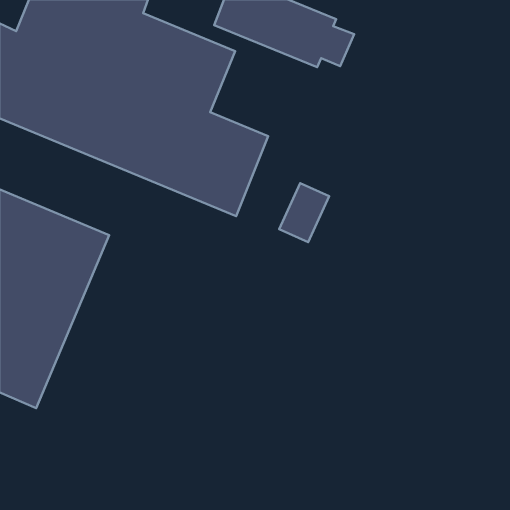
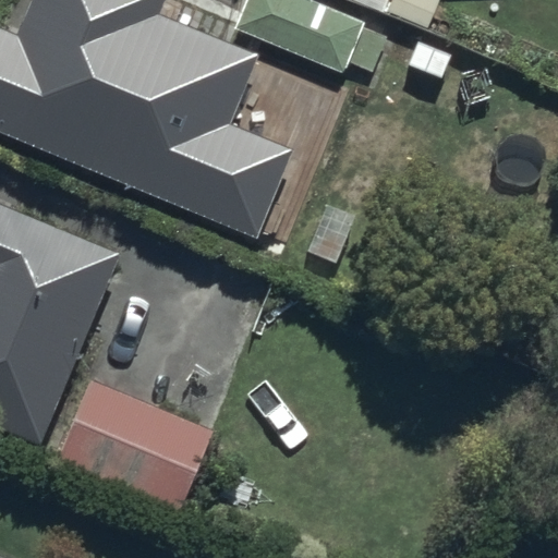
building: none -> [53,380,210,514]

